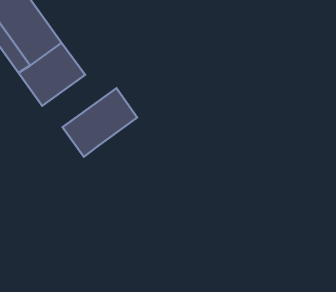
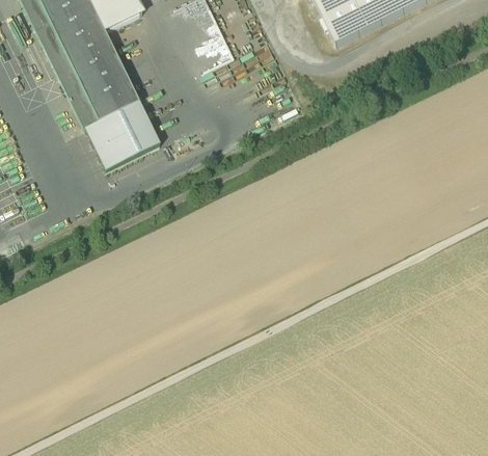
building: [62,88,137,157] -> none

